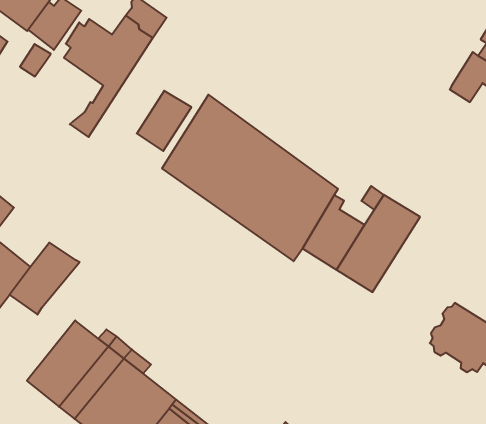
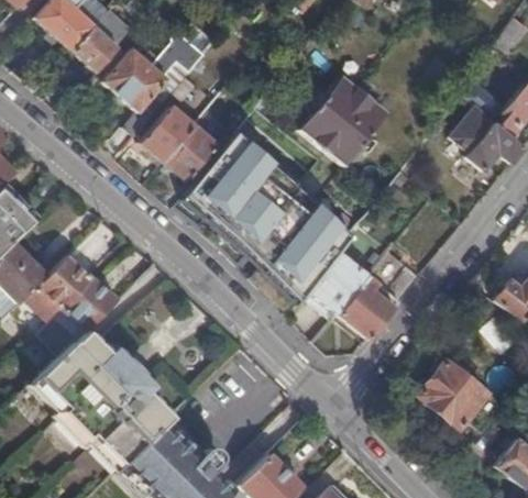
building: none -> [303,77,389,164]
building: none -> [450,107,494,152]
building: none -> [142,103,196,161]
building: none -> [55,276,120,336]

